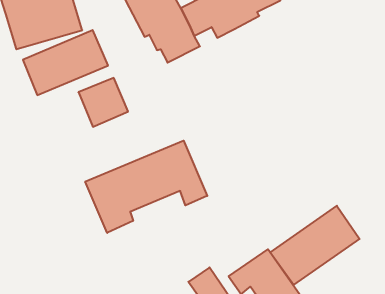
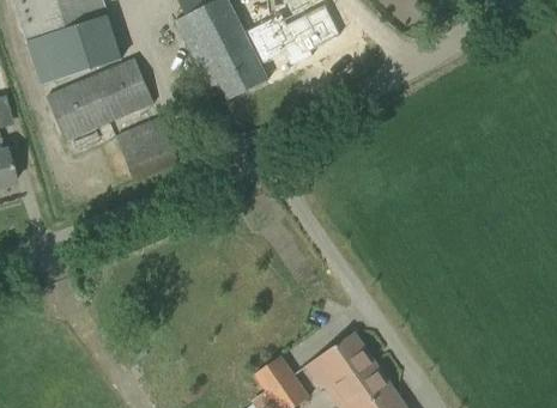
building: [85,141,207,233] -> none
building: [270,206,360,285] -> none

